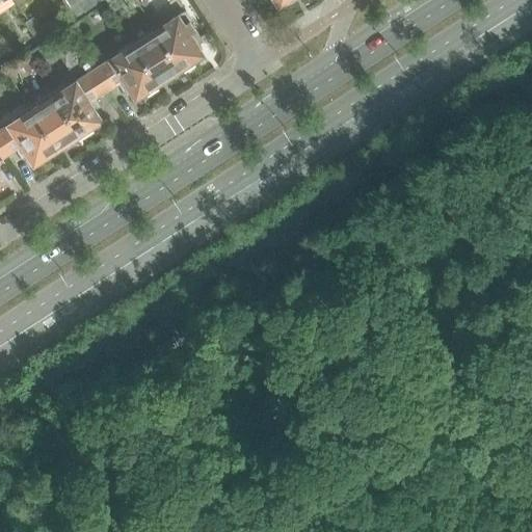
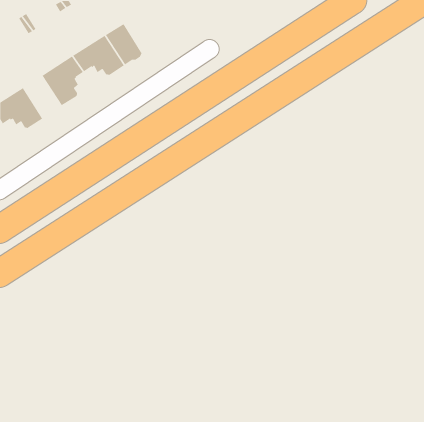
building: [155,15,201,71] -> none
building: [29,98,77,152] -> none

